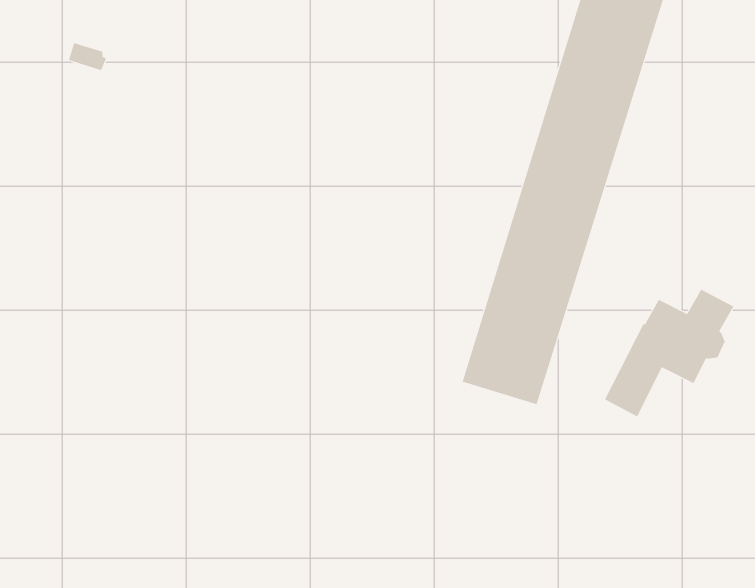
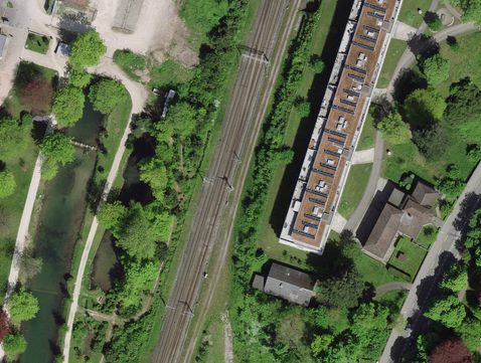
building: none -> [253,267,312,302]

